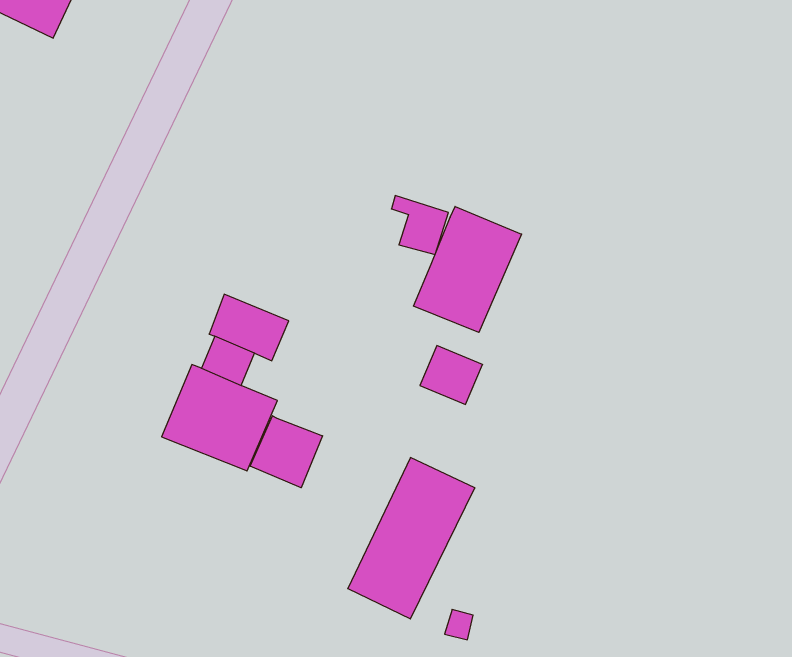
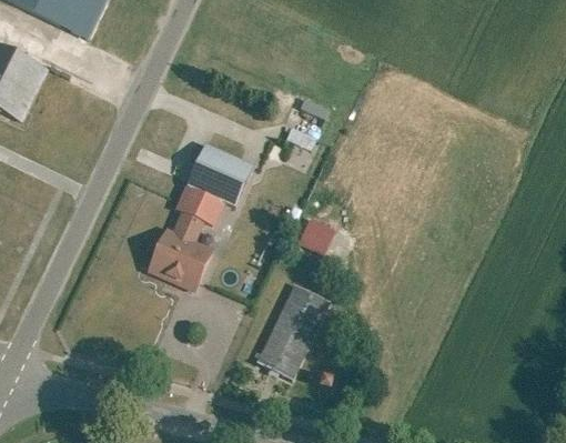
building: [414,206,522,332] -> none
building: none -> [188,145,250,204]
building: [250,416,323,488] -> none

